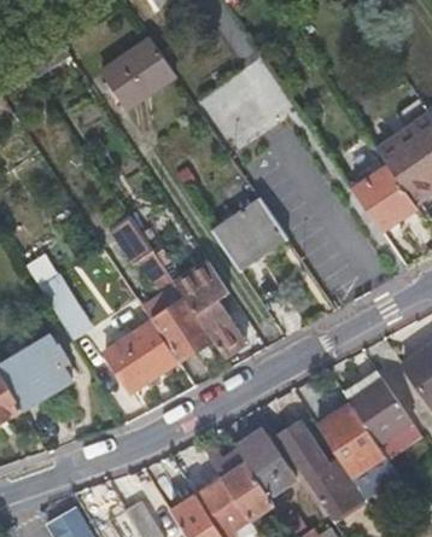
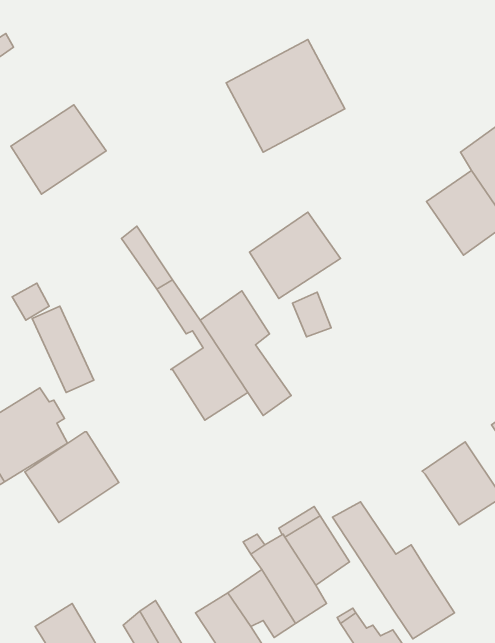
building: [101,40,176,110] -> [11,105,106,194]
building: [105,321,179,392] -> [25,432,119,523]
building: [317,403,385,478] -> none

